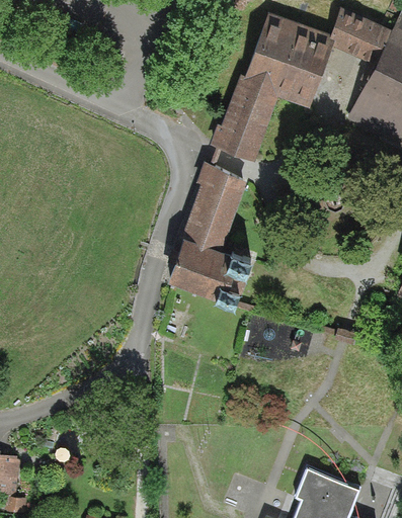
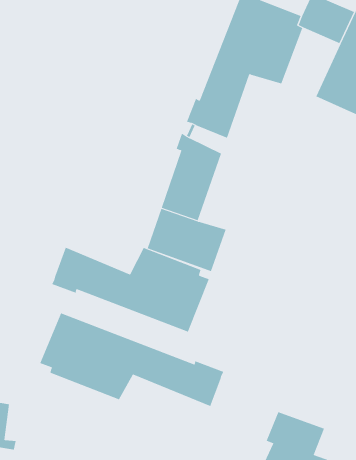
building: none -> [52,247,209,333]
building: none -> [40,313,224,407]

